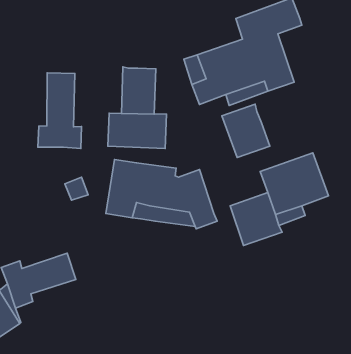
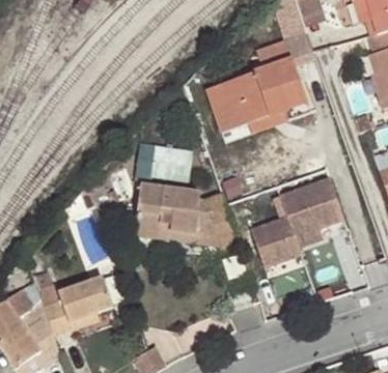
building: [121,67,156,114] -> none
building: [38,73,81,149] -> none
building: [222,104,270,158] -> none

